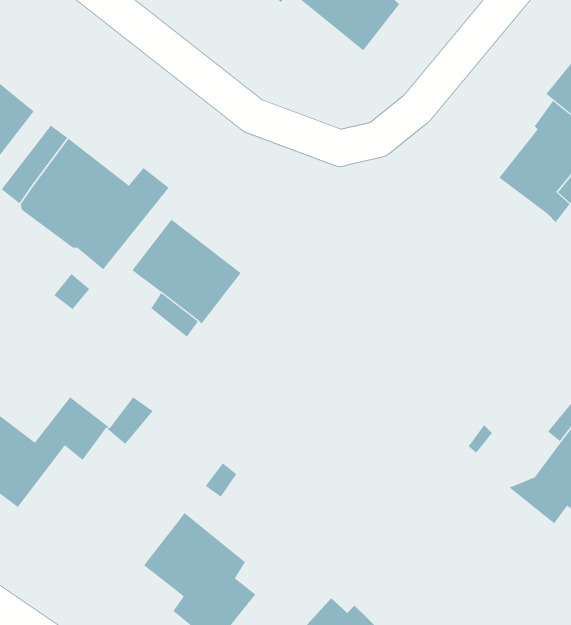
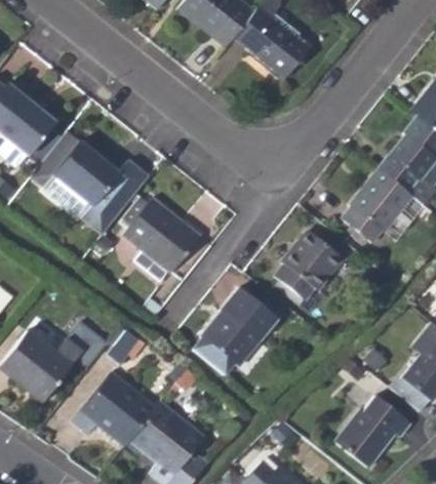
building: none -> [344,168,412,242]
building: none -> [276,230,342,299]
building: none -> [199,286,278,369]
building: none -> [73,374,155,444]
building: none -> [338,396,410,465]

